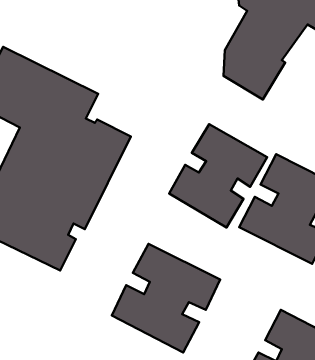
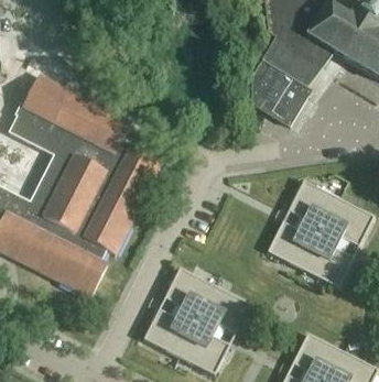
building: [169,124,267,227] -> none

